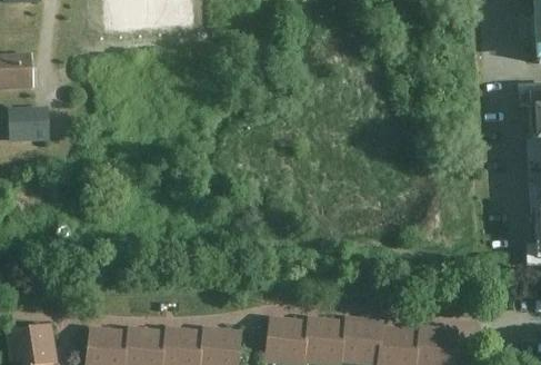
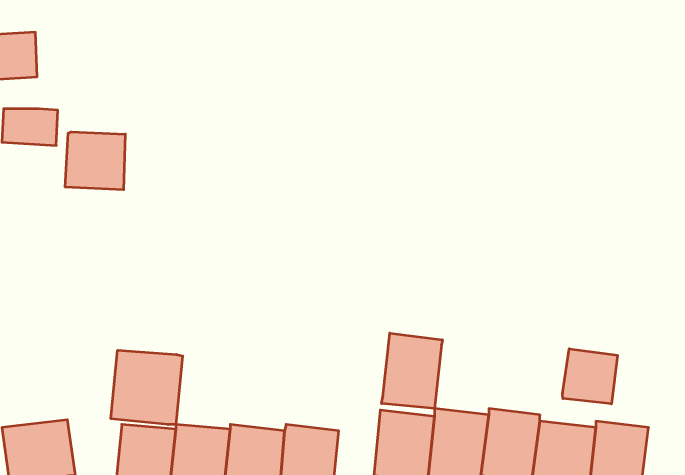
building: none -> [65,132,125,190]
building: none -> [382,333,442,409]
building: none -> [563,349,617,404]
building: none -> [111,350,183,425]

